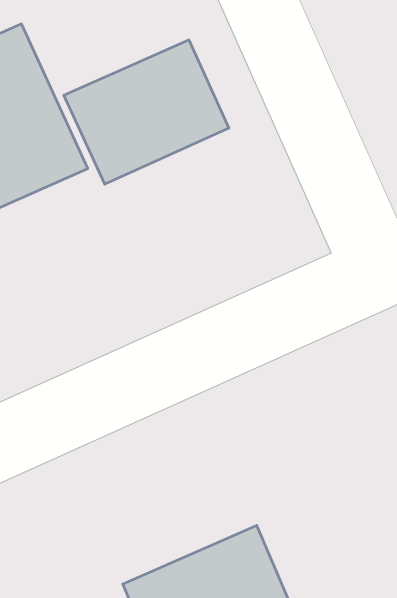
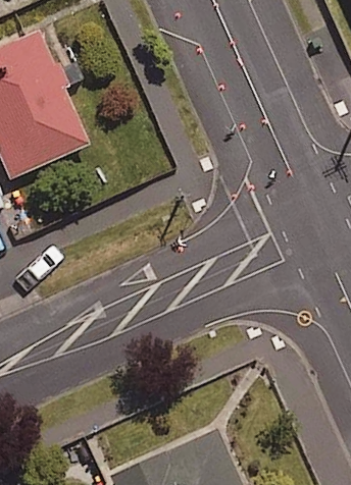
building: [64,40,229,184] -> none

